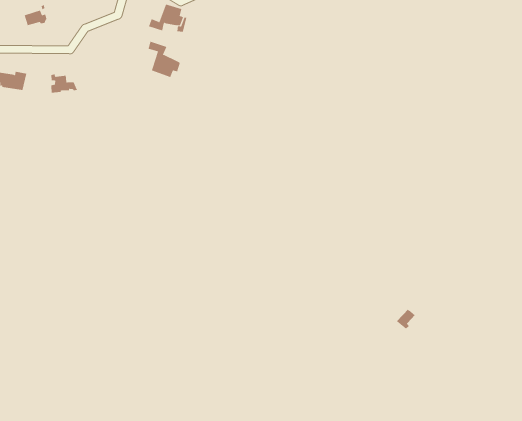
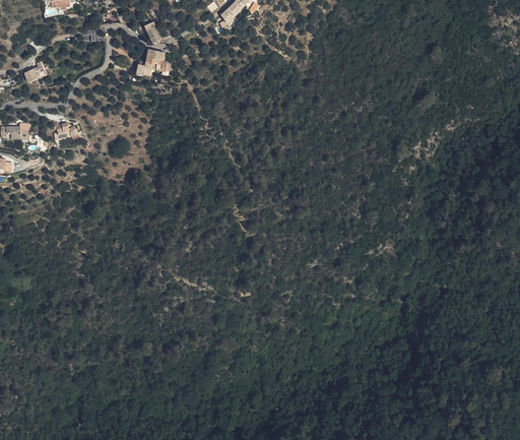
building: [148,41,180,78] -> none

